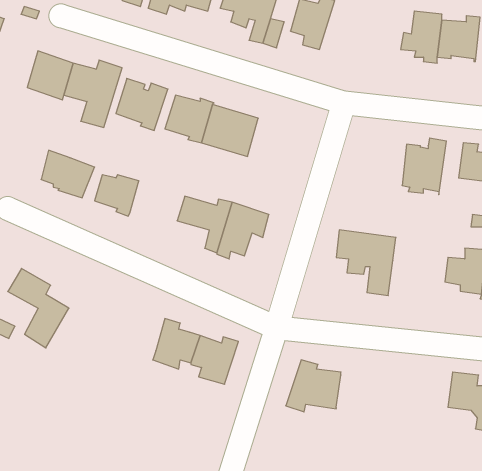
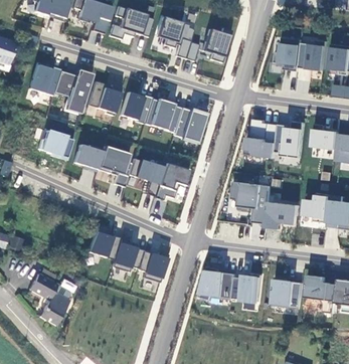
building: none -> [172,105,206,142]
building: none -> [245,118,278,157]
building: none -> [96,145,131,186]
building: none -> [265,200,299,228]
building: [8,268,69,348] -> [27,272,67,325]
building: none -> [88,223,120,259]
building: none -> [231,272,261,300]
building: none -> [272,276,302,308]

